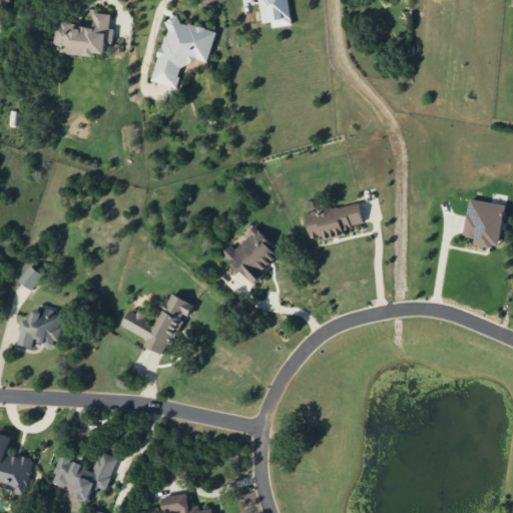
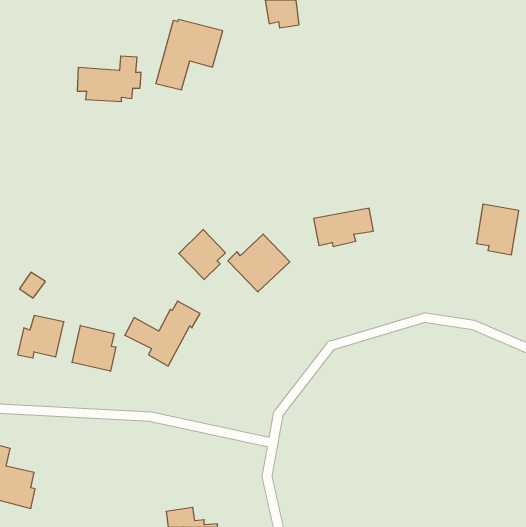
building: [52,12,114,56] -> [77,56,141,101]
building: none -> [179,229,225,280]
building: none -> [72,325,116,371]
building: [51,452,117,502] -> none

